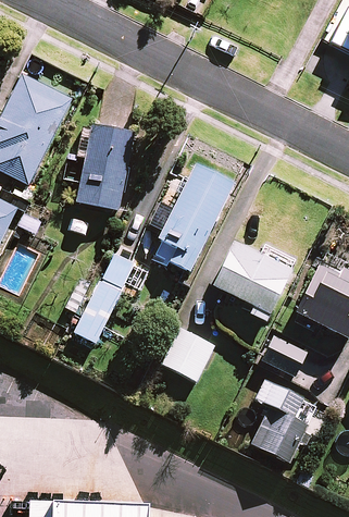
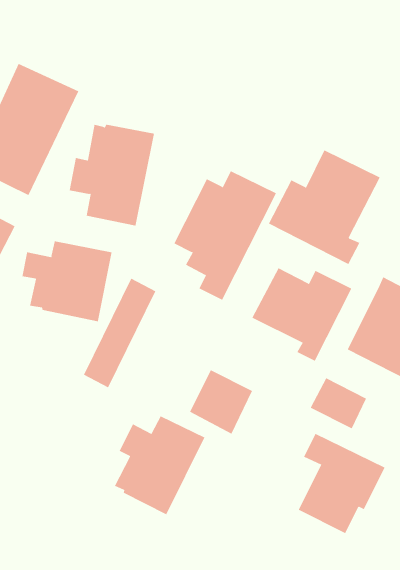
building: none -> [268,150,381,265]
building: none -> [22,241,112,322]
building: none -> [114,415,205,515]

